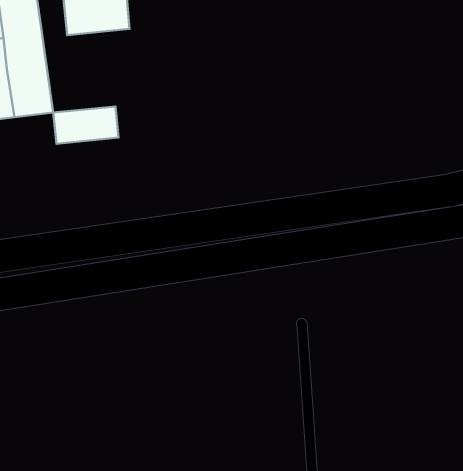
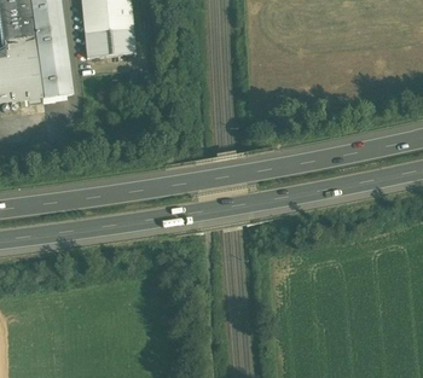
building: [53,106,119,144] -> [83,28,134,57]

